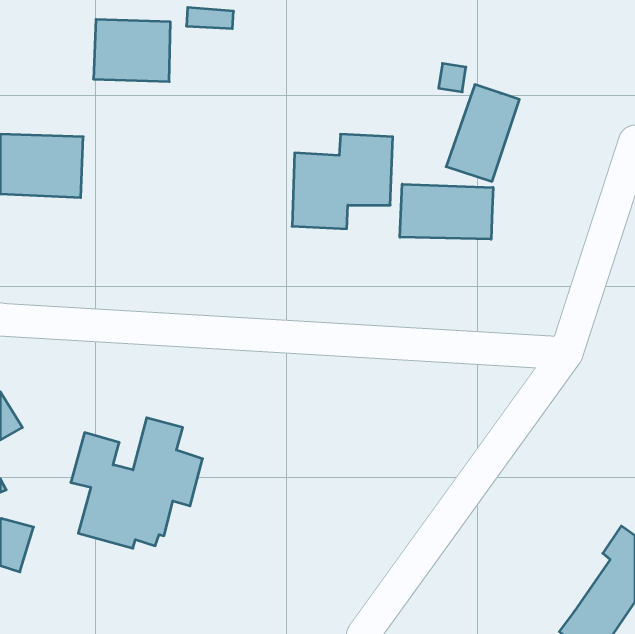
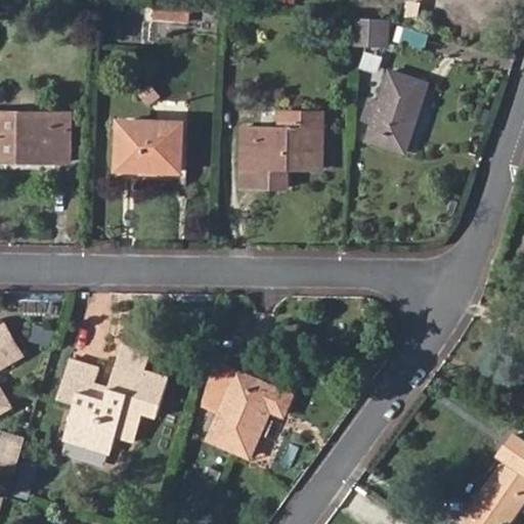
building: none -> [352,15,390,46]
building: [93,19,170,82] -> [118,121,181,172]
building: [400,184,493,239] -> none
building: none -> [207,363,291,456]

